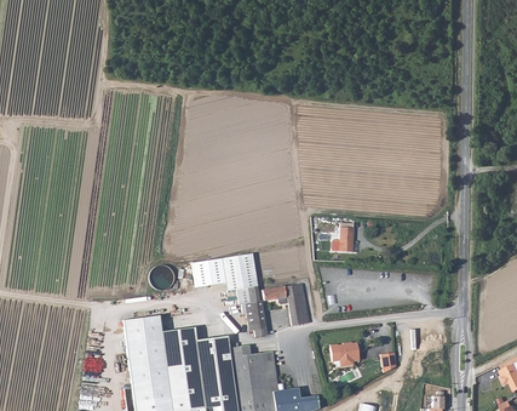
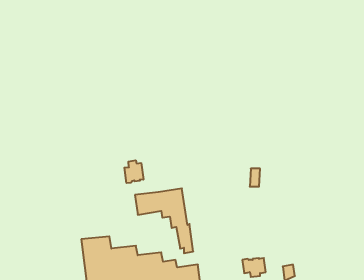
building: none -> [124,160,143,183]
building: [262,284,309,326] -> none

